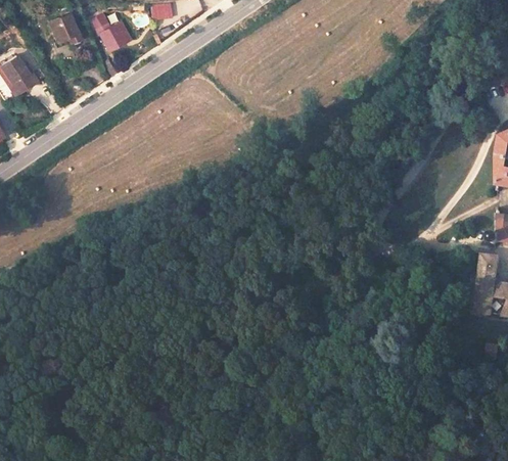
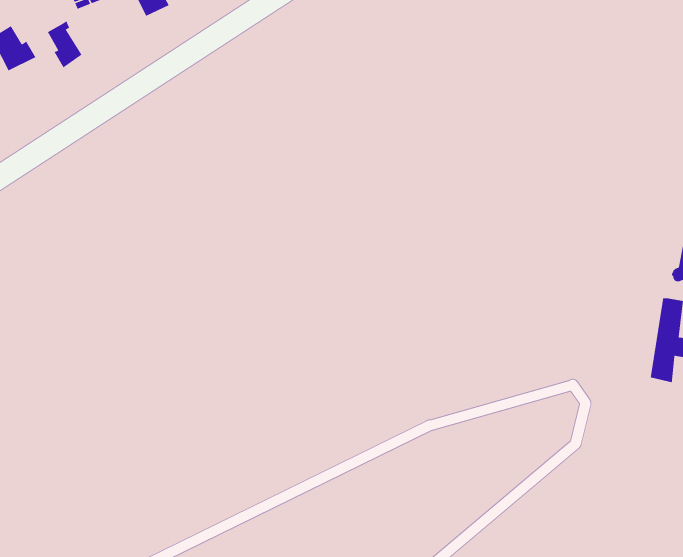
building: none -> [47,20,83,68]

